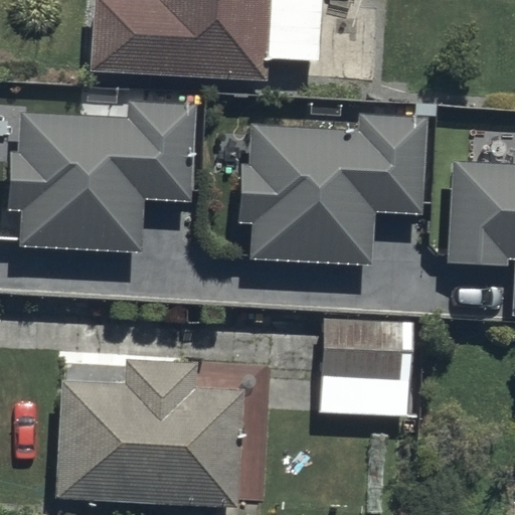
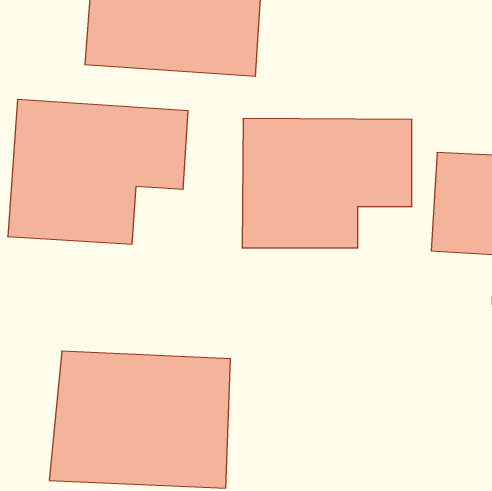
building: [318,315,408,411] -> none

